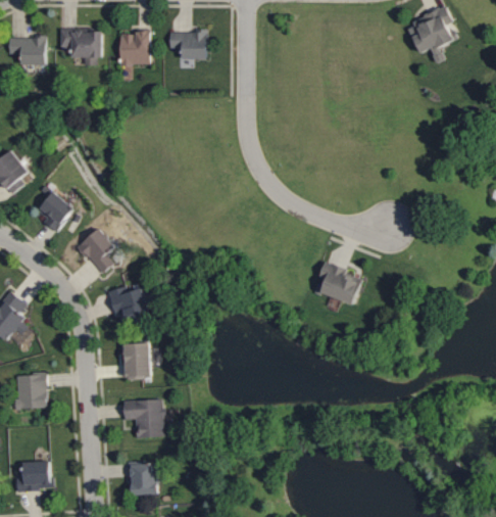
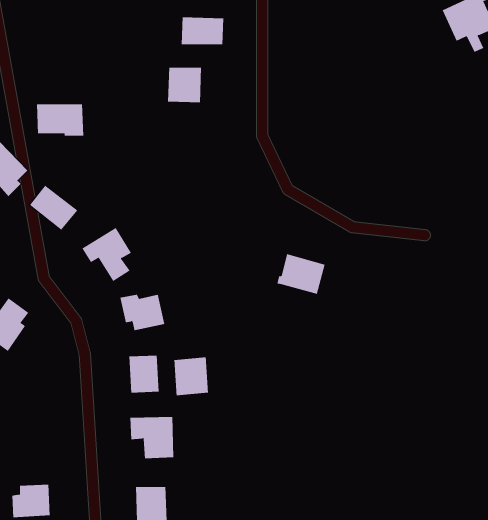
building: [58,31,102,60] -> [36,104,84,136]
building: [118,34,150,66] -> [167,67,202,103]
building: [7,38,46,65] -> none
building: [316,265,361,302] -> [276,253,325,295]
building: none -> [174,356,208,396]
building: [12,373,45,409] -> none

